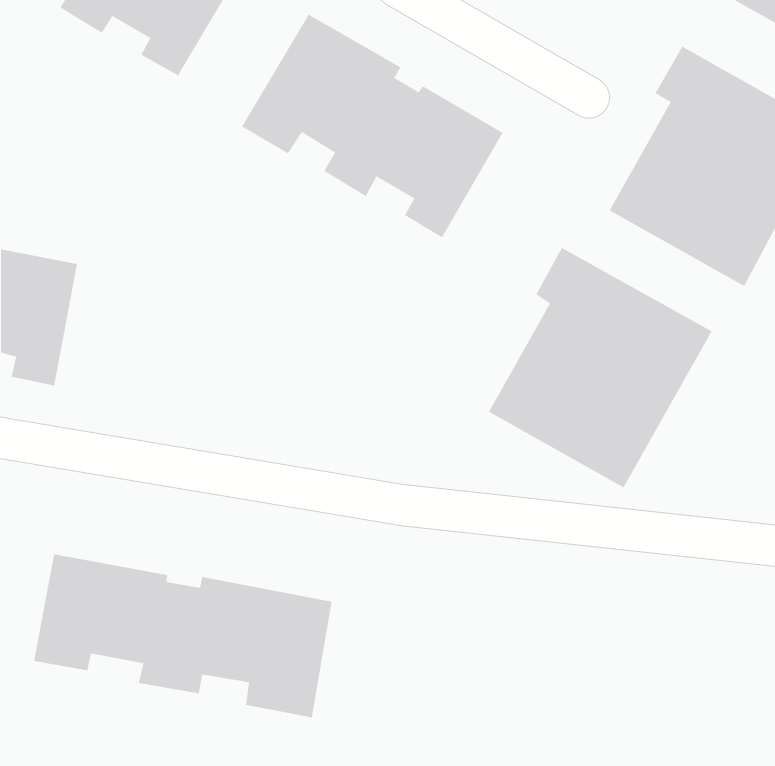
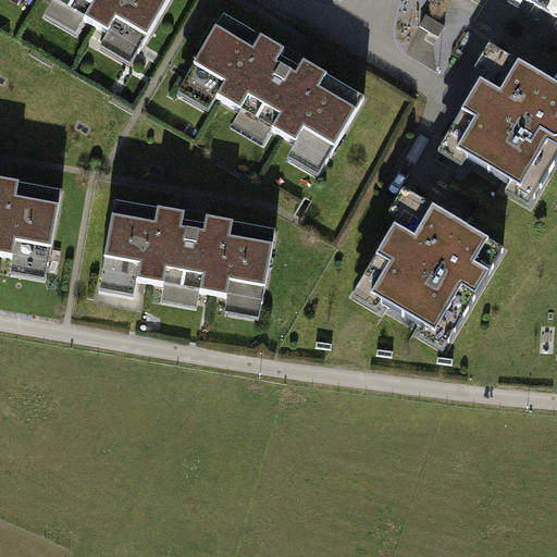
building: none -> [97,194,274,312]
building: [33,553,332,718] -> none

